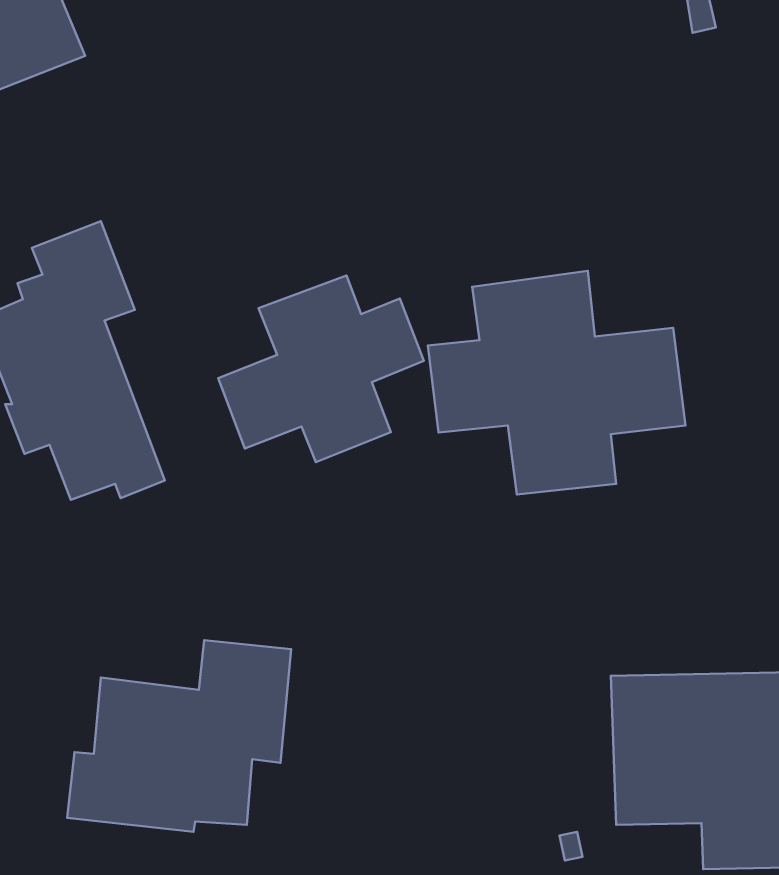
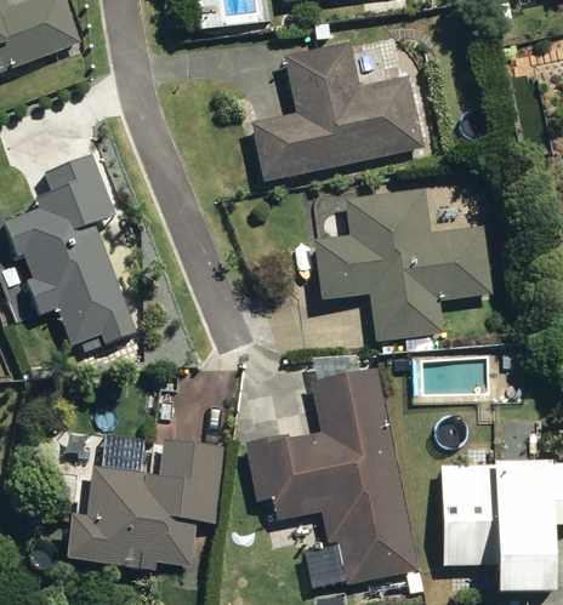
building: none -> [251,41,425,181]
building: [218,276,424,462] -> none
building: none -> [244,367,417,583]

